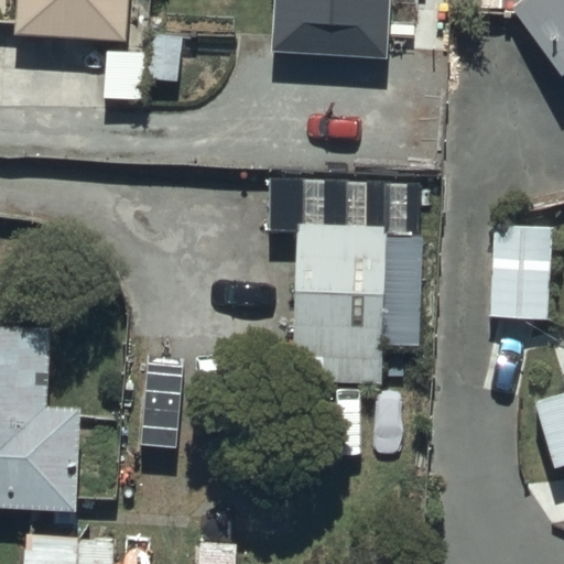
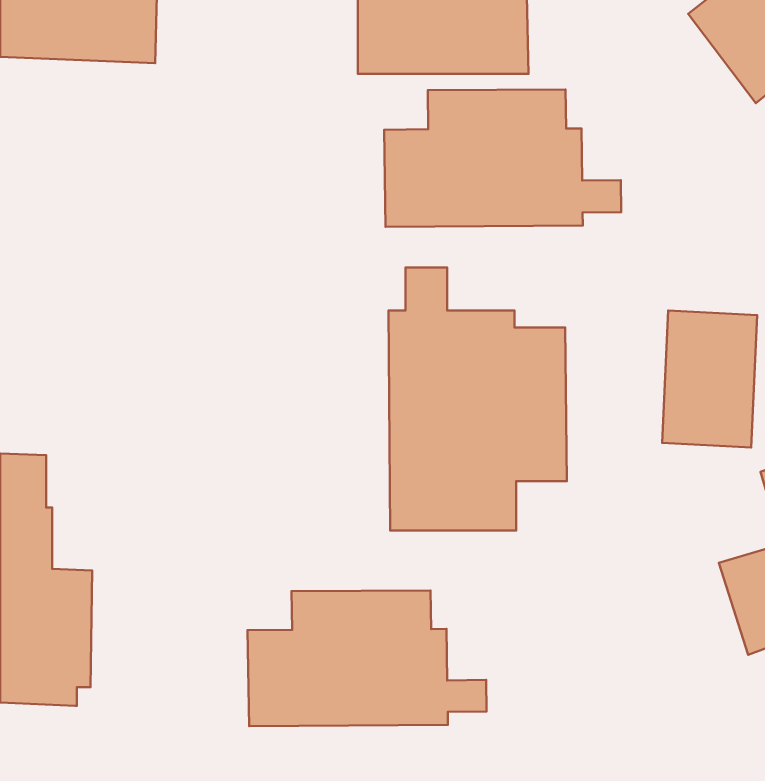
building: none -> [384,89,621,227]
building: none -> [248,590,487,726]

